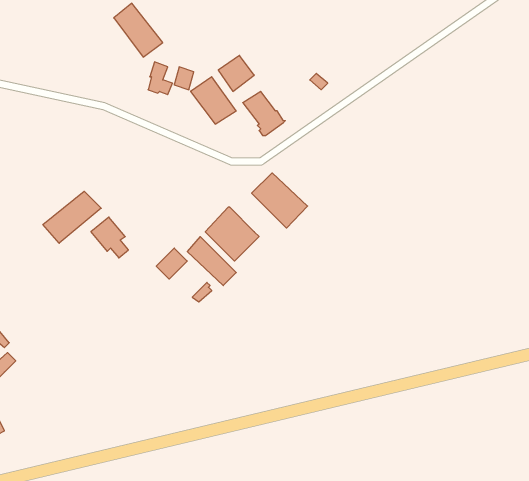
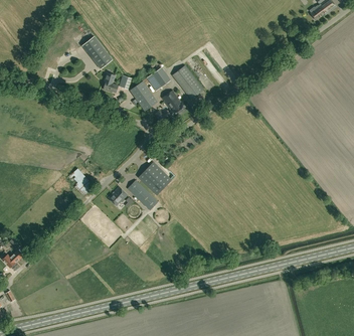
building: none -> [172,65,204,100]
building: [252,173,308,228] -> none
building: [43,191,101,243] -> none

